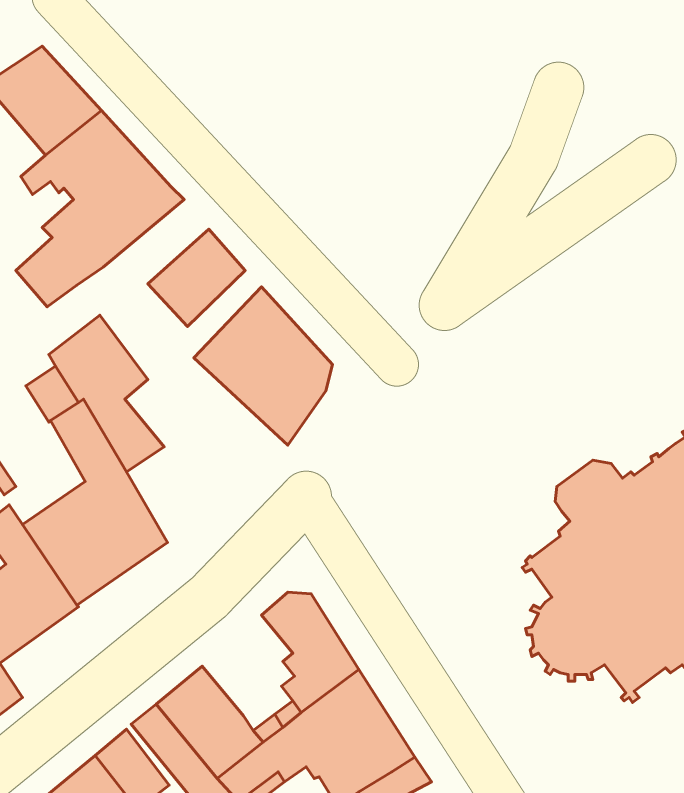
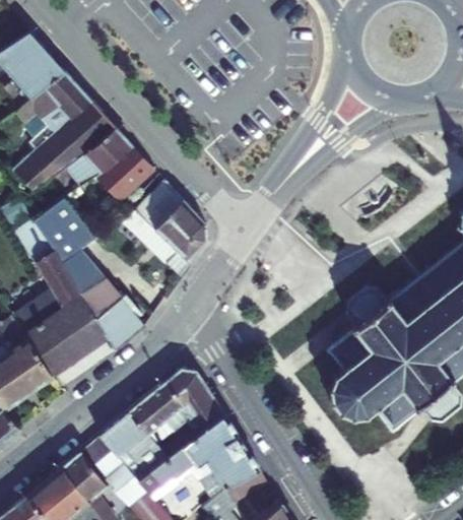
building: none -> [67,127,132,186]
building: none -> [81,279,144,352]
building: none -> [128,383,185,445]

